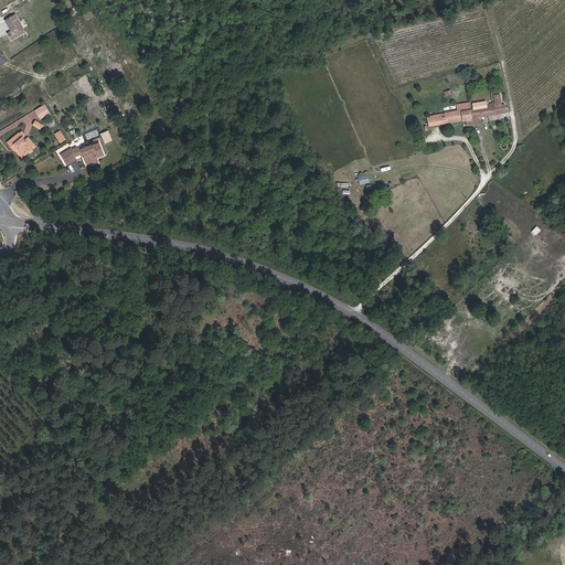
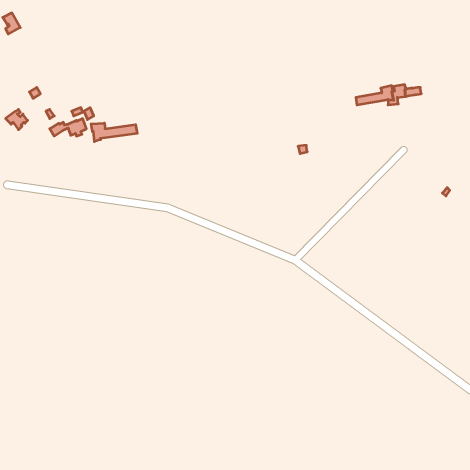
building: none -> [91,123,137,142]

